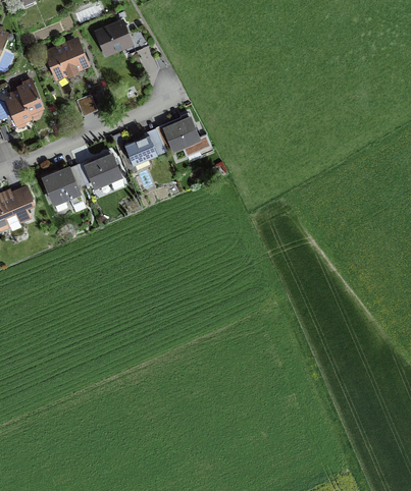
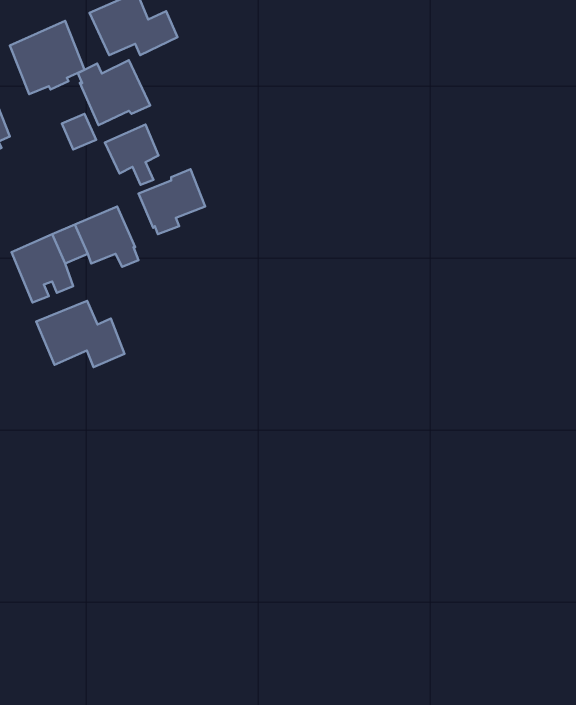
building: none -> [78,60,150,125]
building: [164,118,198,156] -> [105,125,159,185]
building: none -> [36,301,124,367]

